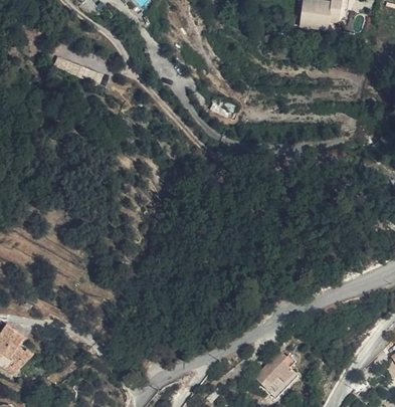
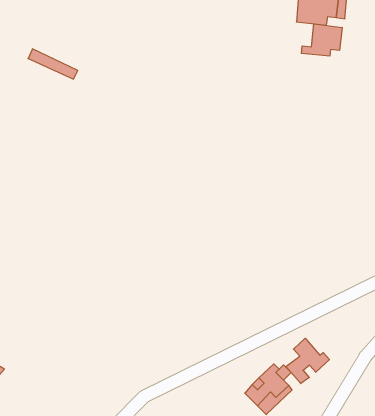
building: none -> [301,24,342,56]
building: none -> [286,338,329,384]

